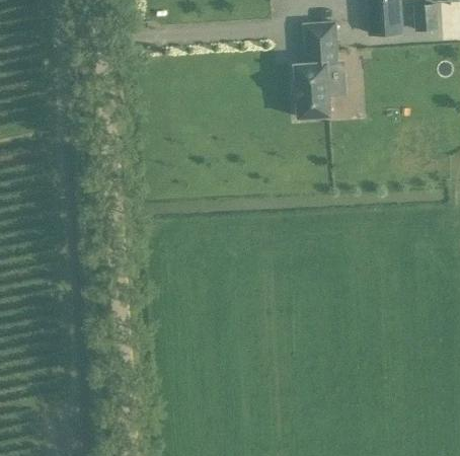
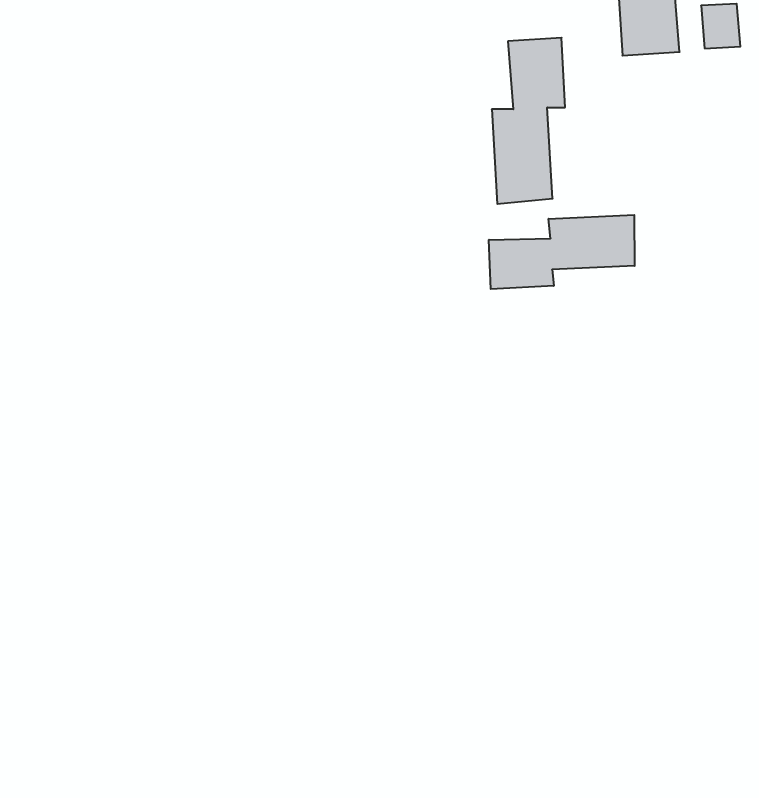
building: none -> [489,215,635,289]

